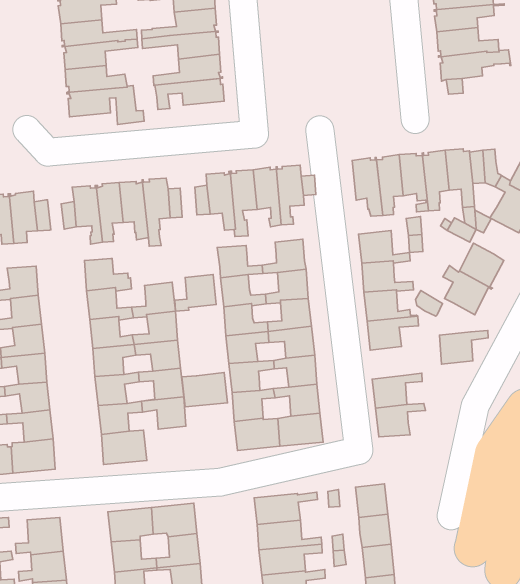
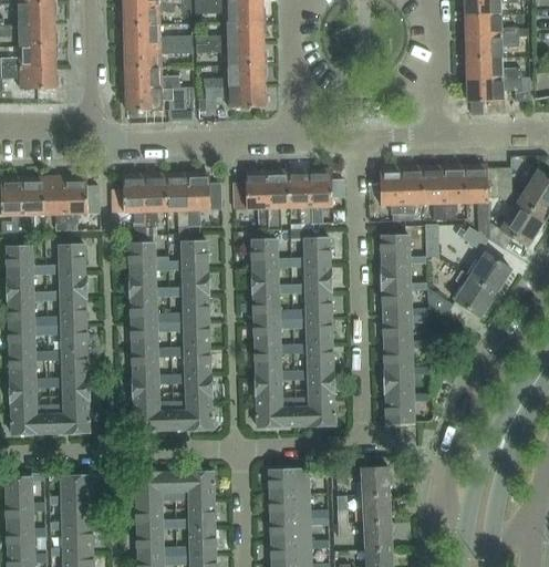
building: [175,274,216,311] -> [169,240,207,271]
building: [439,331,488,364] -> [383,341,427,369]
building: [182,373,227,407] -> [172,400,211,429]

